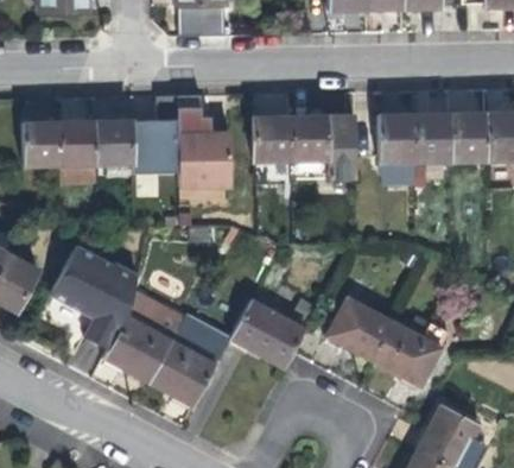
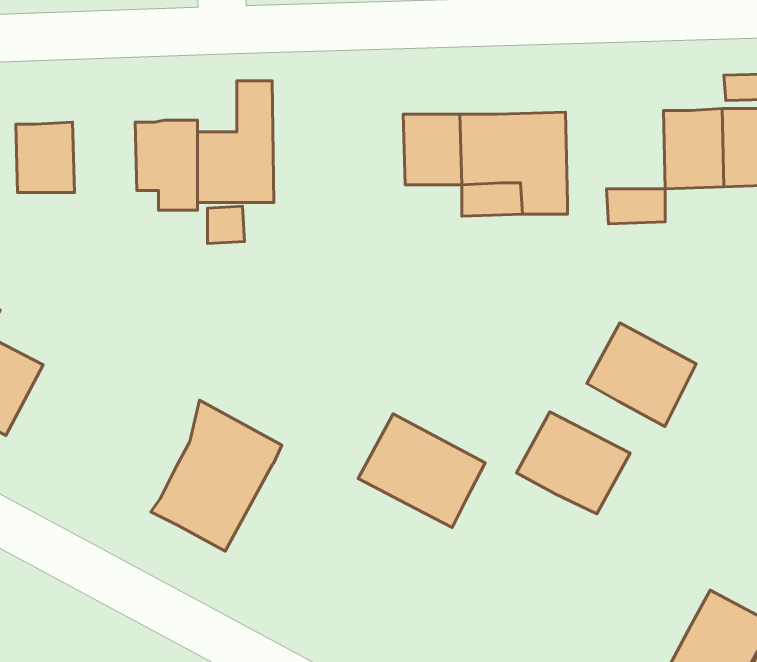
building: [379,115,415,163] -> none
building: [56,122,95,165] -> none
building: [177,133,230,188] -> none
building: [49,246,138,350] -> none
building: [374,323,440,386] -> [587,323,696,427]
building: [148,329,222,406] -> none

